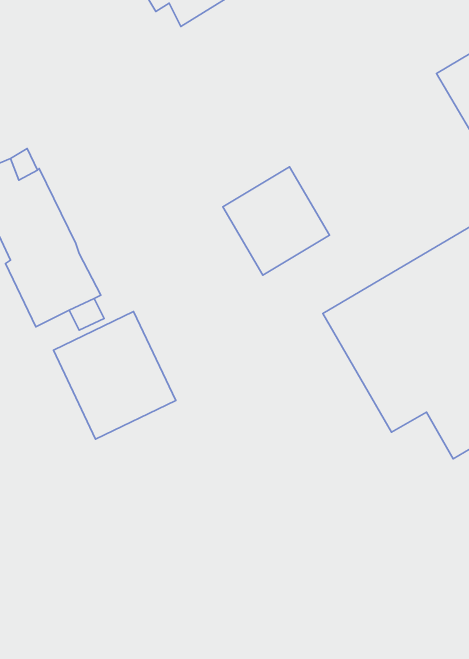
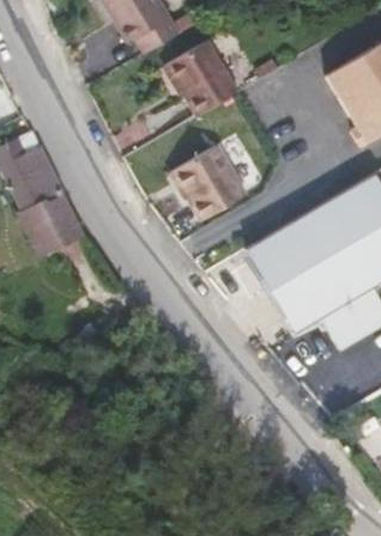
building: none -> [167,39,242,117]
building: [53,311,176,439] -> none

